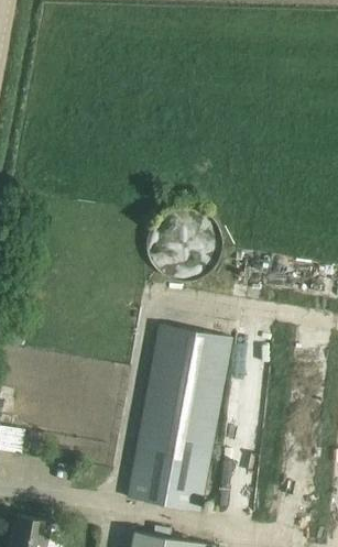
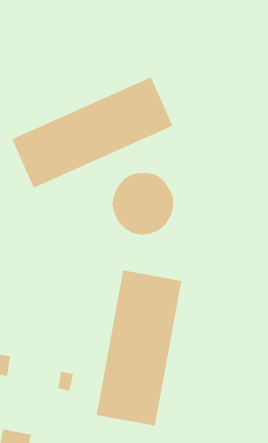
building: none -> [12,77,173,188]

